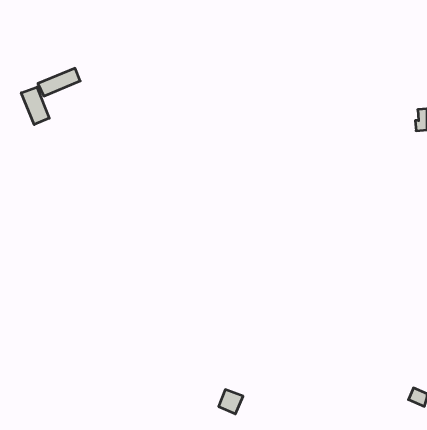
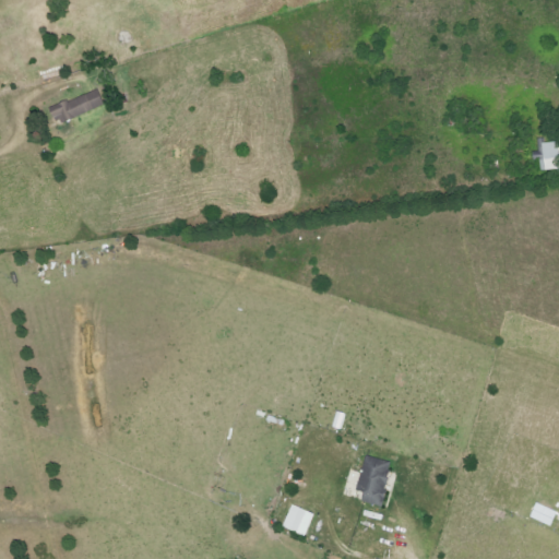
building: [21,87,49,125] -> none
building: none -> [355,454,393,506]

